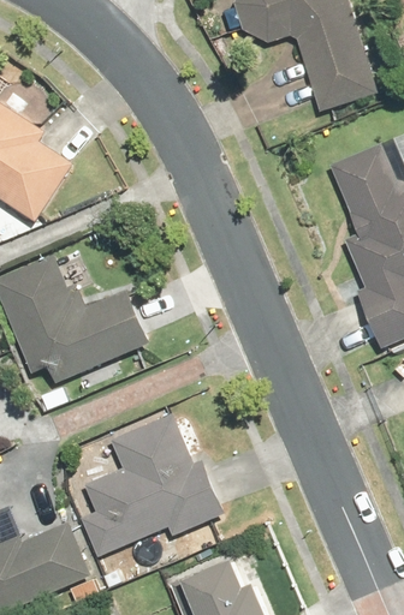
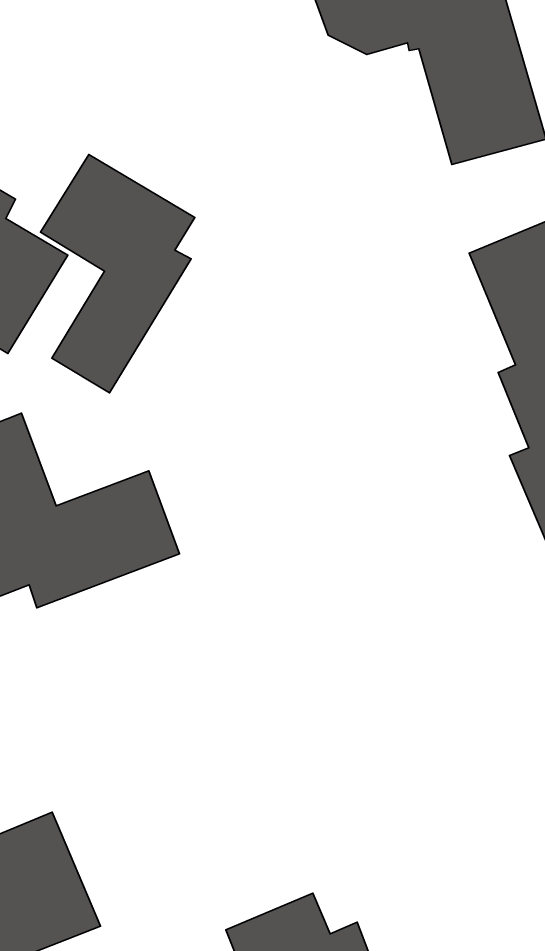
building: none -> [40,155,195,393]
building: [78,414,225,559] -> none

